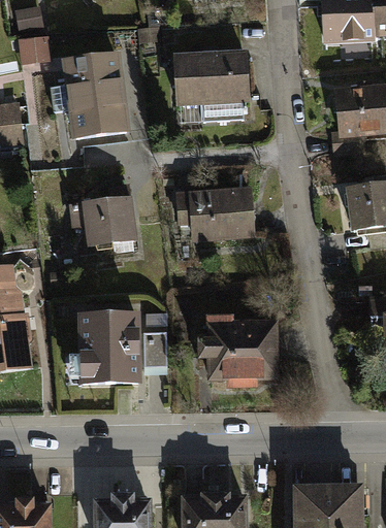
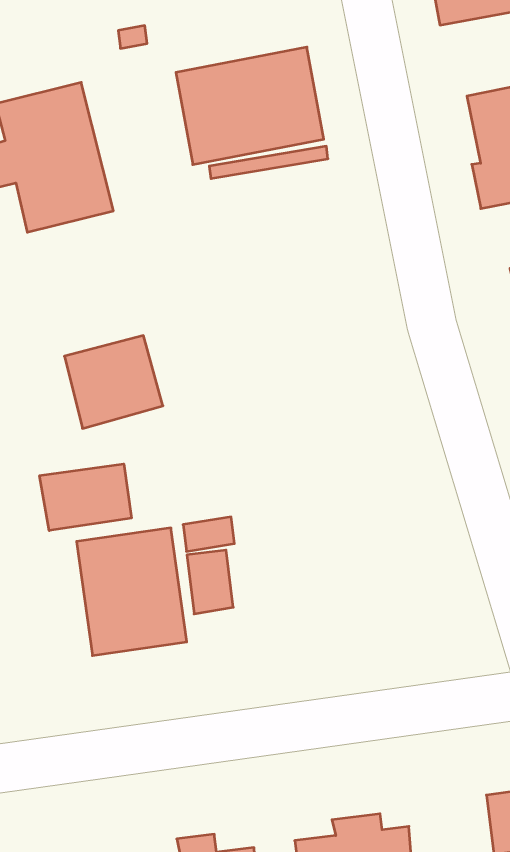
building: [175,188,256,243] -> none
building: none -> [40,464,131,531]
building: [195,320,280,384] -> none

